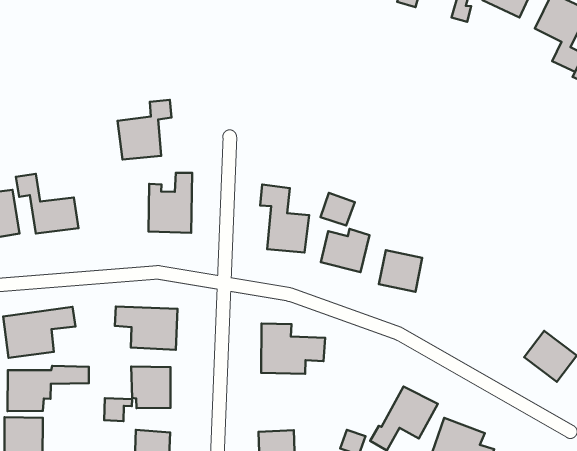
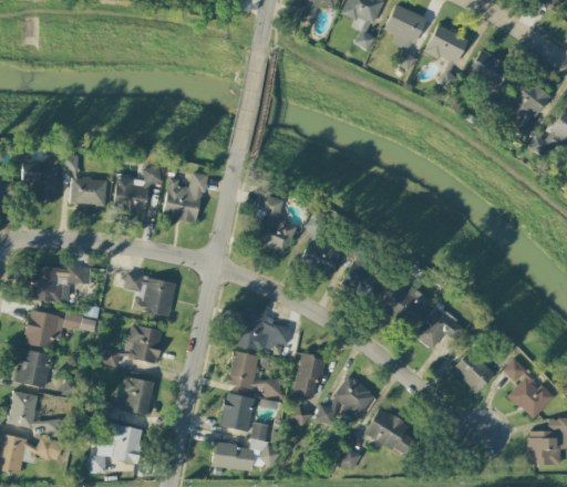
building: [118,100,171,159] -> [114,167,161,213]
building: none -> [382,286,430,328]
building: none -> [414,307,465,350]
building: none -> [293,354,323,397]
building: none -> [228,351,282,397]

